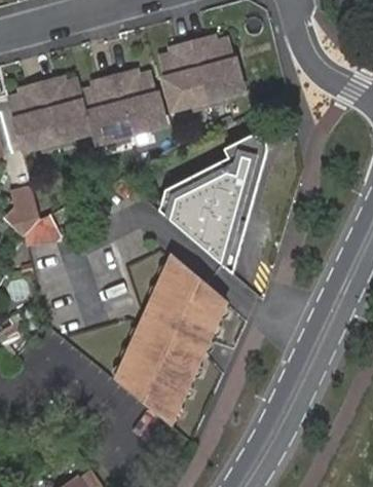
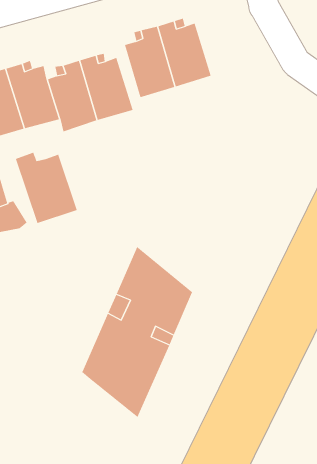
building: [167,139,268,276] -> none
building: none -> [15,152,77,224]

